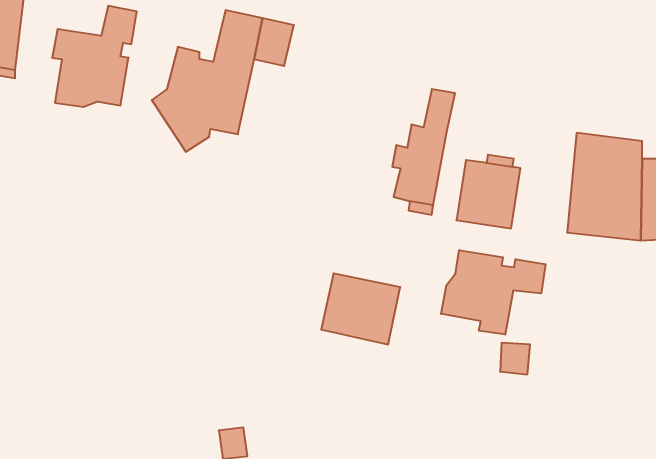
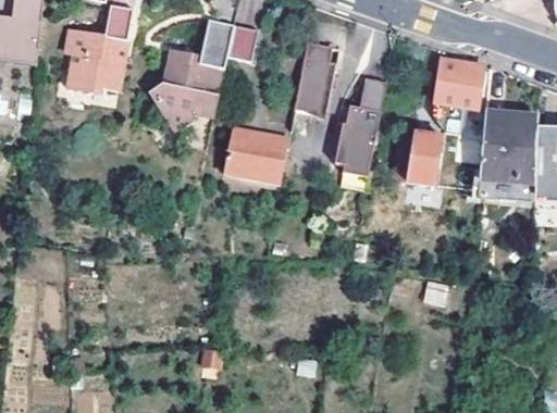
building: none -> [298,42,343,116]
building: none -> [432,58,482,109]
building: [441,250,545,335] -> none
building: [321,273,400,344] -> [227,130,290,187]

